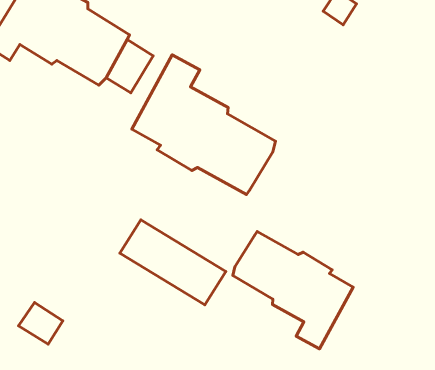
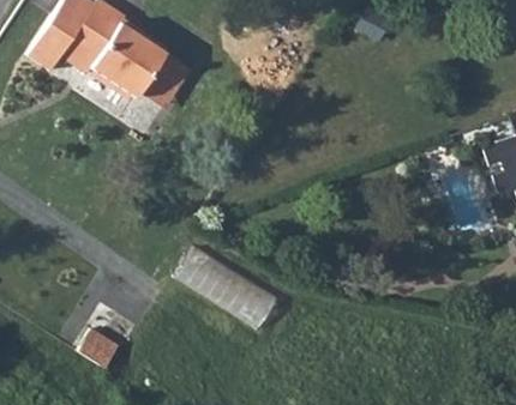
building: [132,55,275,194] -> none
building: [233,232,353,349] -> none

